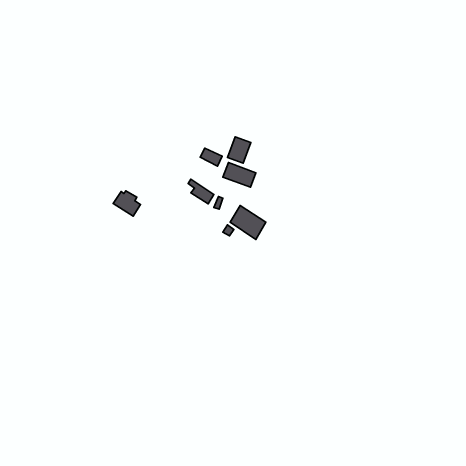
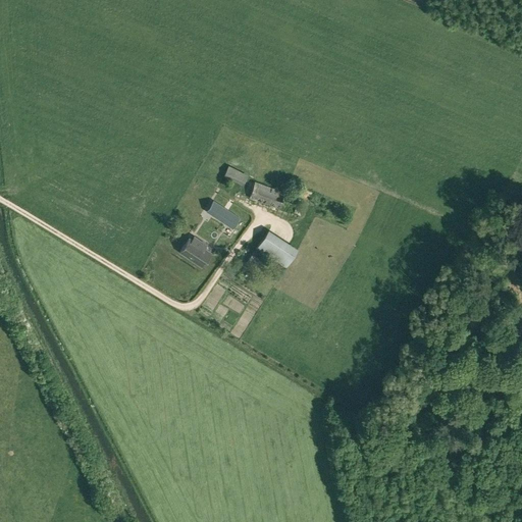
building: [228,137,251,163] -> none
building: [113,191,140,216] -> [180,238,211,266]

